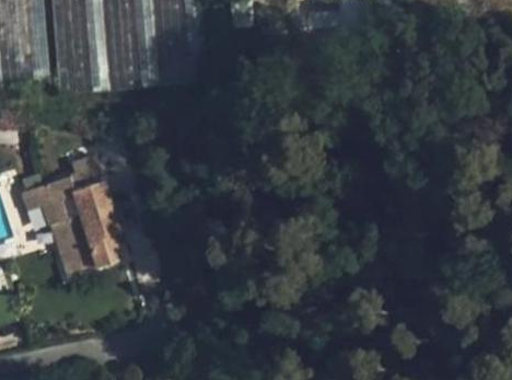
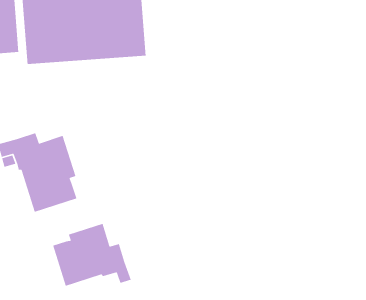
building: none -> [52,223,132,287]

